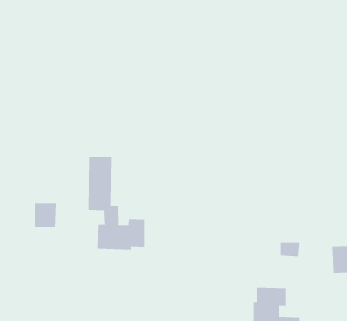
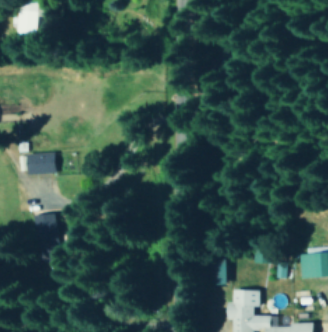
building: none -> [27,152,56,174]
building: [88,156,145,250] -> none

